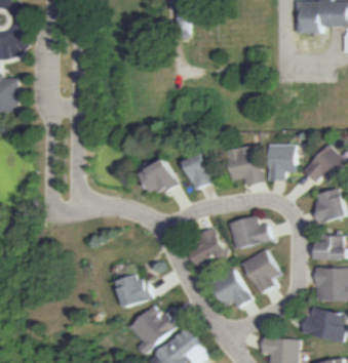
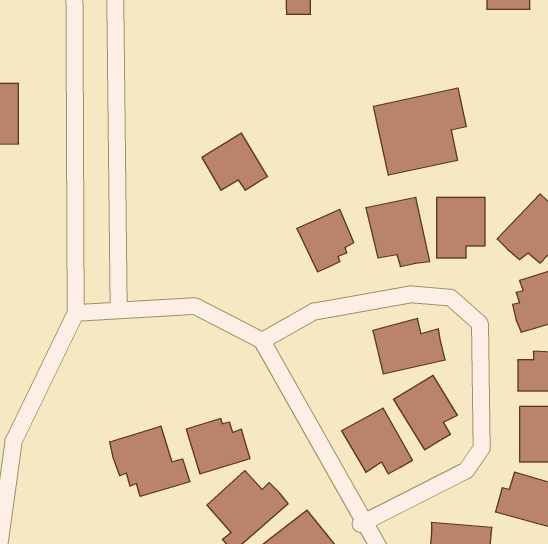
building: none -> [373,88,466,175]
building: [139,158,178,192] -> [202,133,268,190]
building: [186,226,226,265] -> none
building: none -> [110,426,190,496]

